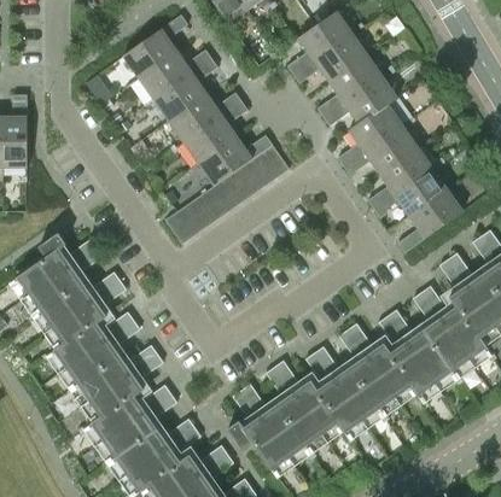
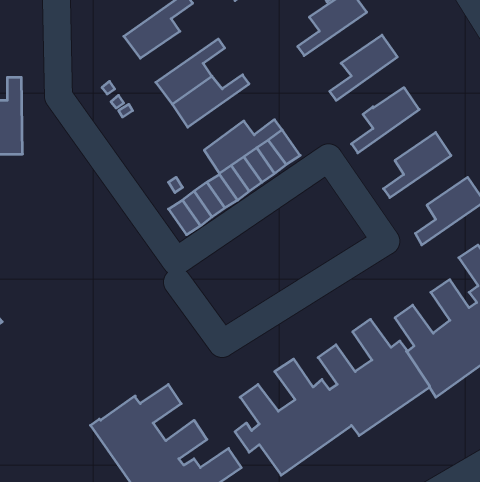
building: [292,33,366,82] -> none
building: [138,49,211,99] -> none
building: [322,75,396,124] -> none
building: [182,100,246,163] -> none
building: [343,124,416,174] -> none
building: [373,168,447,217] -> none
building: [16,233,163,417] -> none

